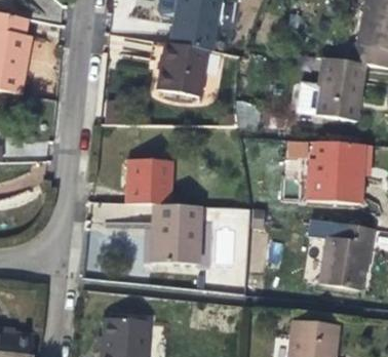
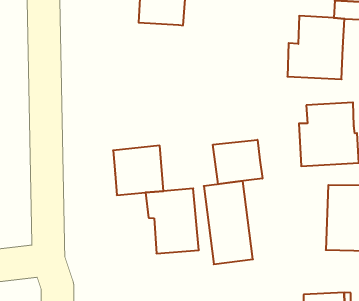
building: [156,41,206,95] -> none
building: none -> [213,140,262,184]

